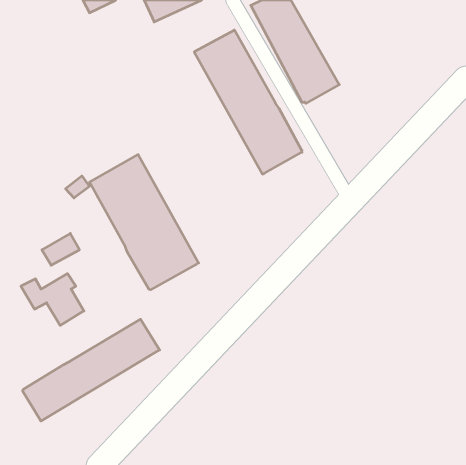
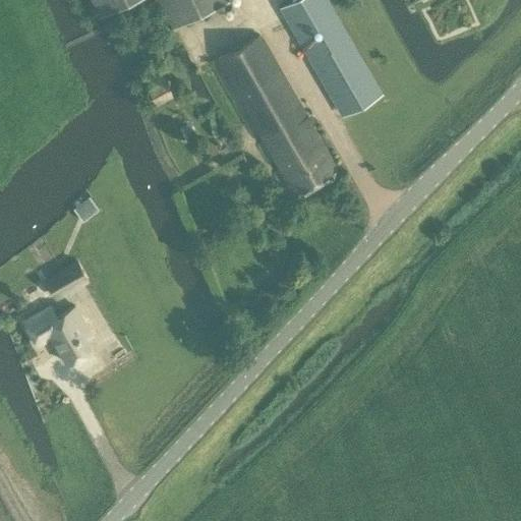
building: [90,155,199,290] -> none
building: [23,319,160,421] -> none

